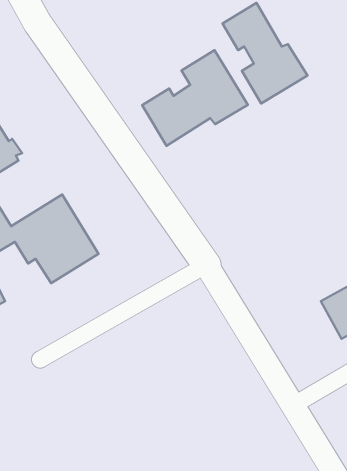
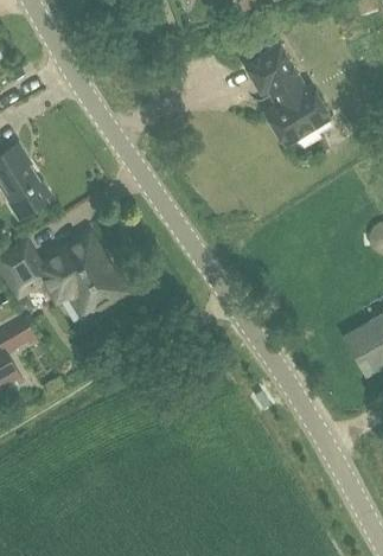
building: [142,50,248,146] -> none

